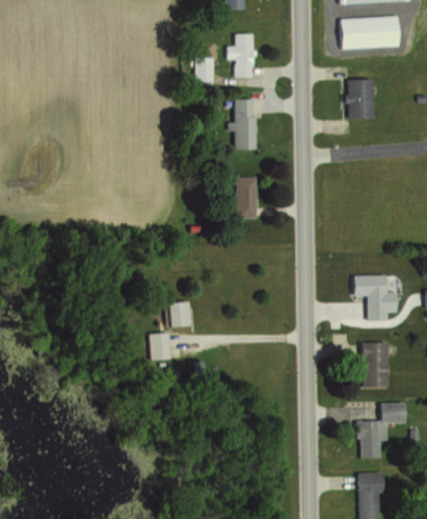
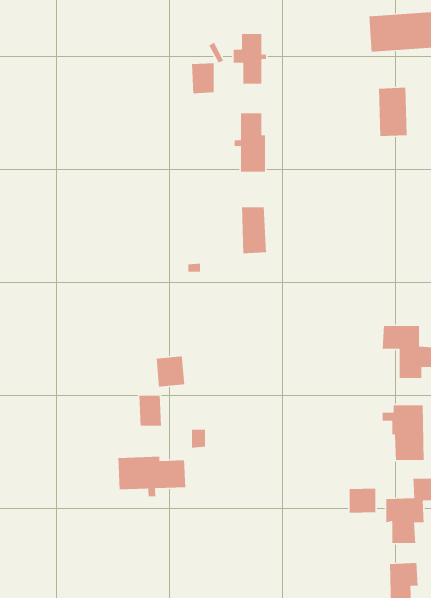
building: none -> [118,456,186,497]
building: none -> [349,488,376,514]

